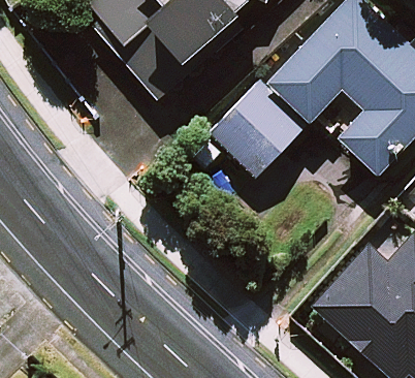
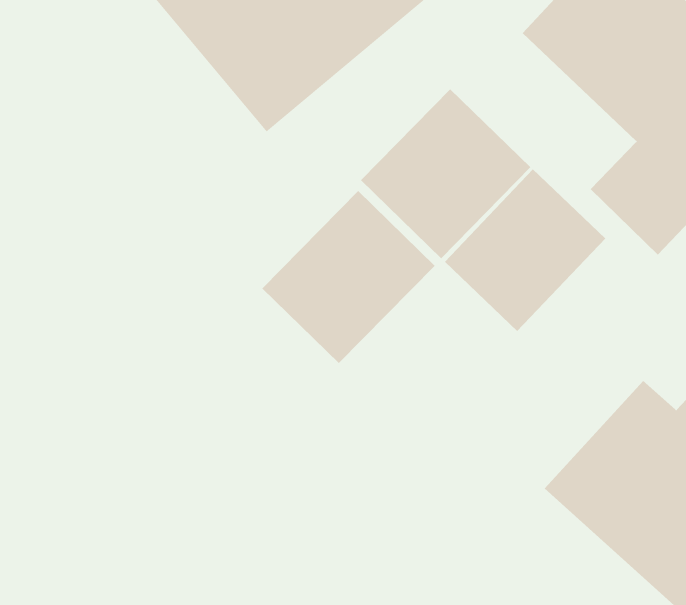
building: none -> [444,169,606,332]
building: none -> [262,190,436,364]

